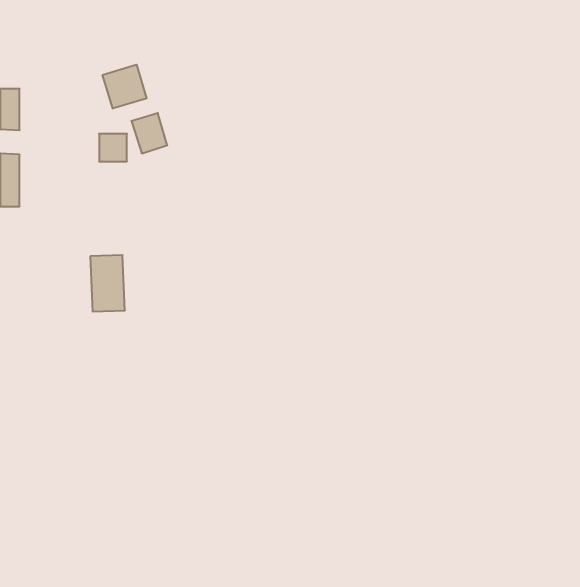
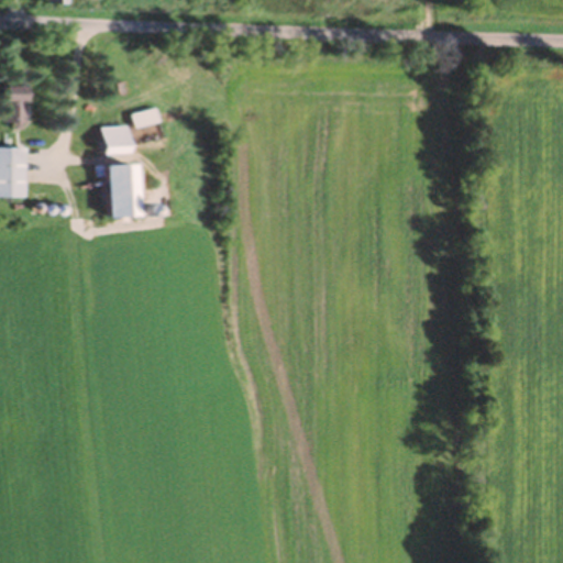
building: [103,65,147,109] -> none
building: [90,255,125,312] -> [104,163,137,217]

